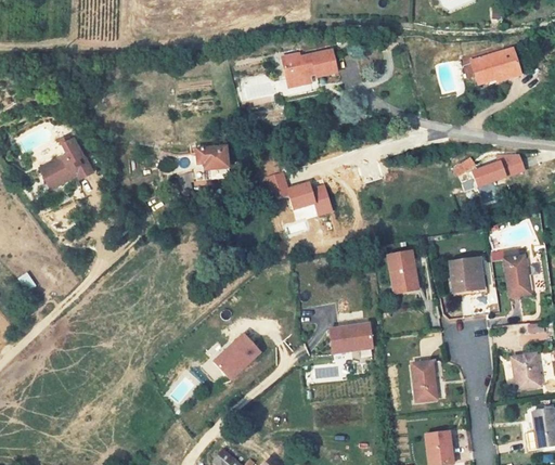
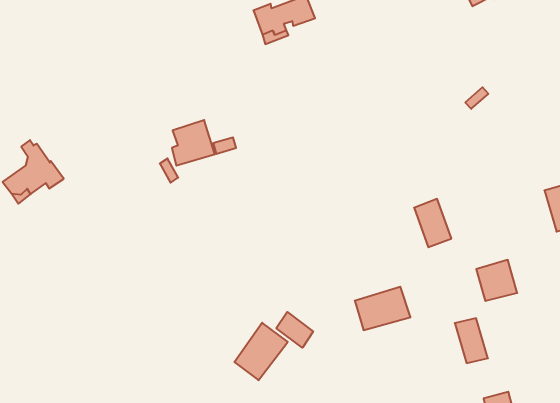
building: [472,154,526,188] -> none
building: [266,171,333,216] -> none
building: [454,257,487,289] -> [476,260,517,301]
building: none -> [276,312,313,348]

